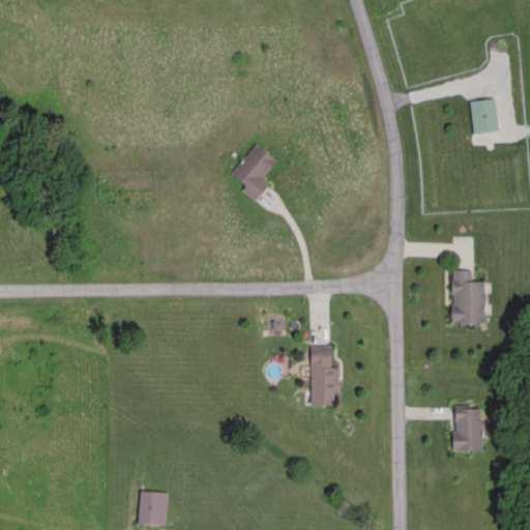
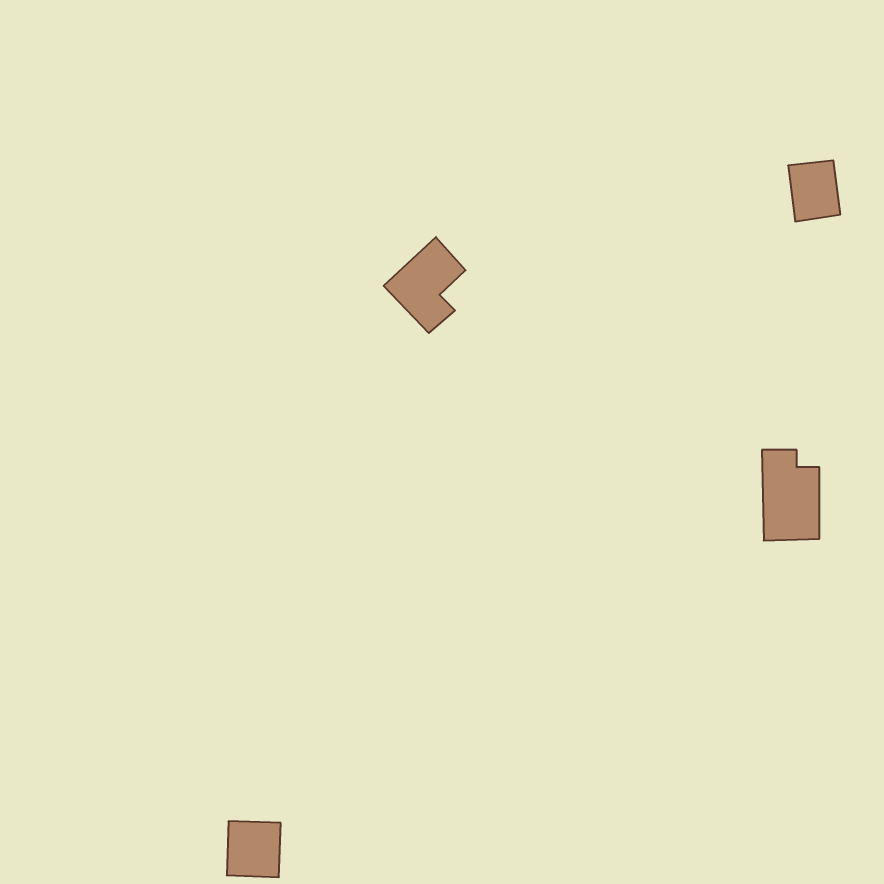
building: [308,346,336,406] -> none
building: [453,407,483,451] -> none

